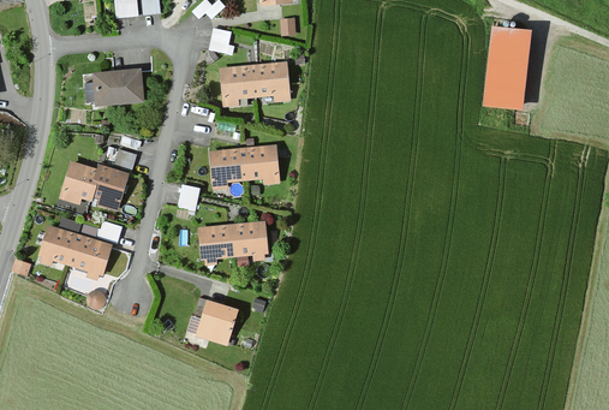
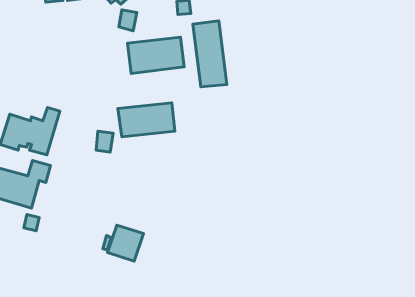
building: [482,25,531,109] -> none
building: none -> [193,21,227,87]
building: [90,69,145,105] -> none
building: [197,220,268,265] -> none

